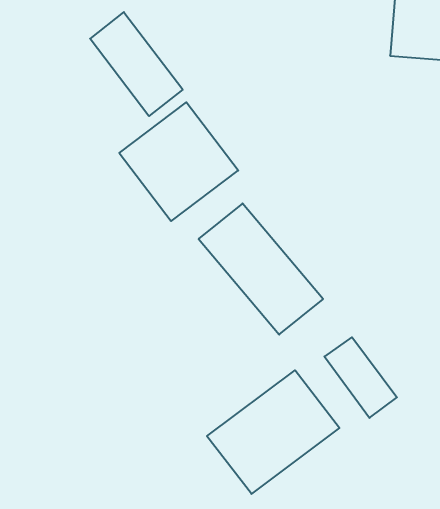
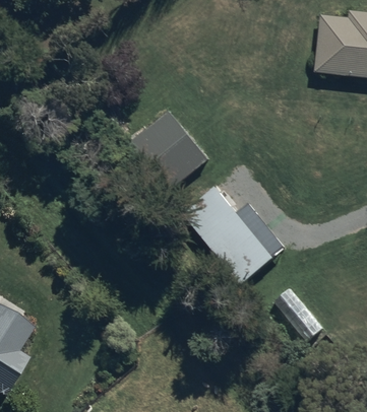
building: [90,12,183,116] -> none
building: [207,370,339,494] -> none

